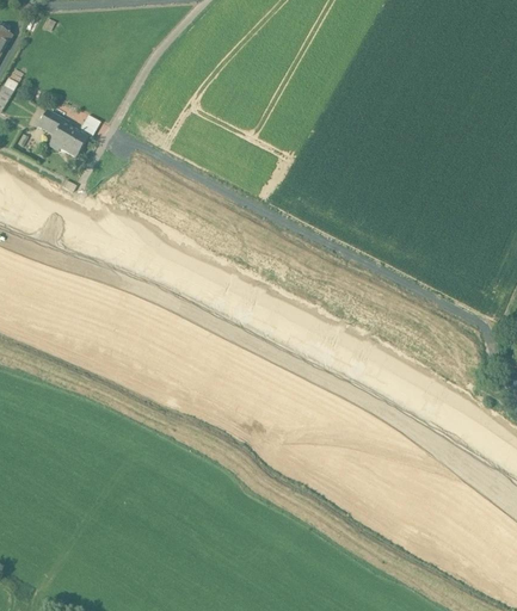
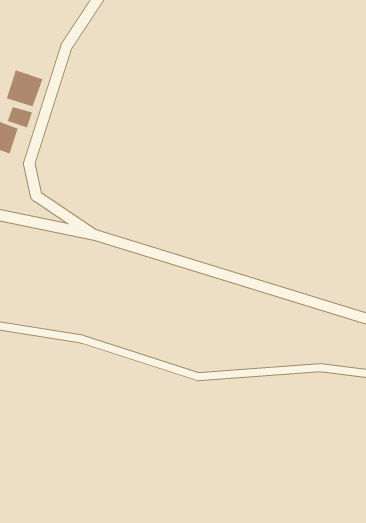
building: none -> [6,70,43,107]

